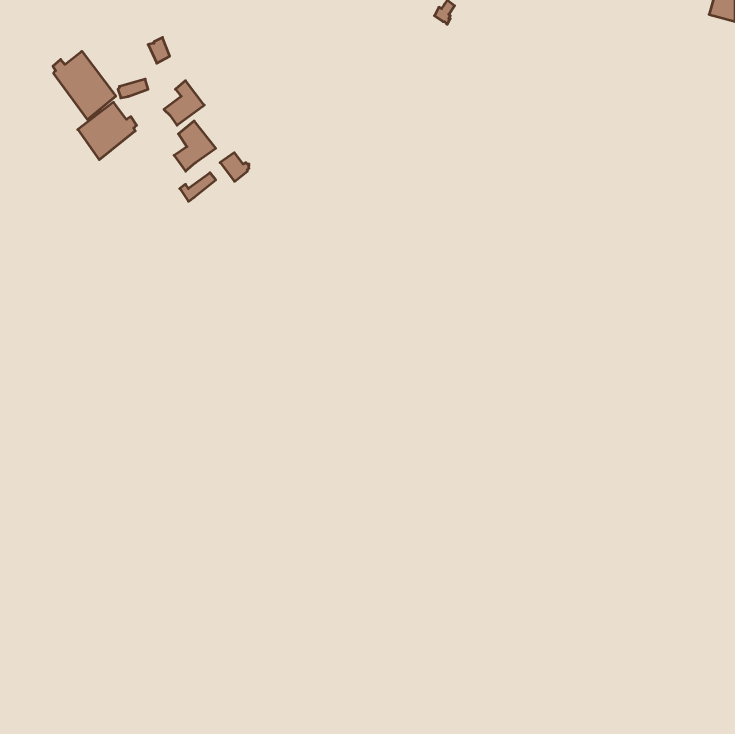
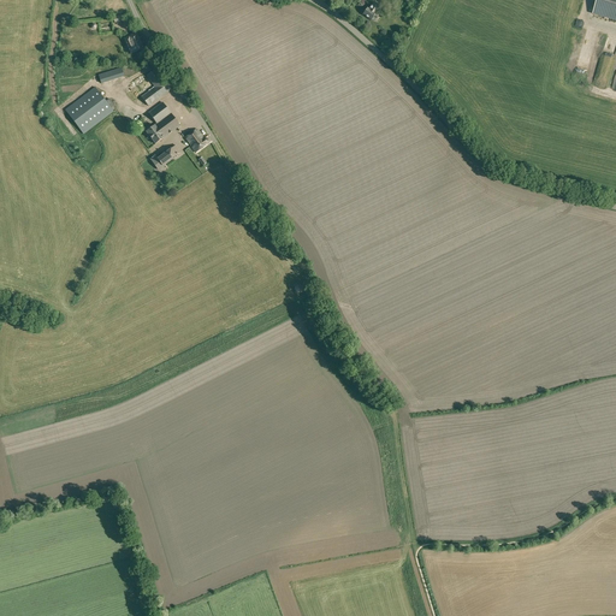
building: [53,51,116,119] -> none

